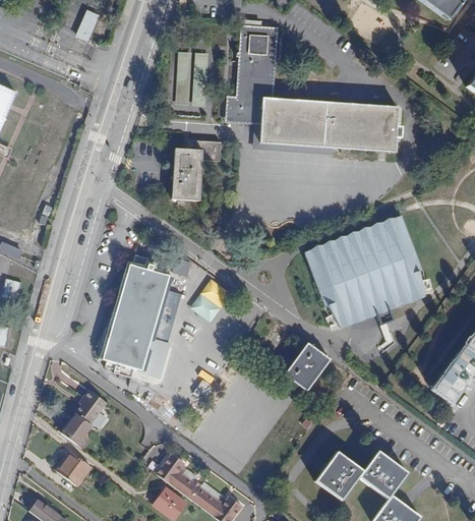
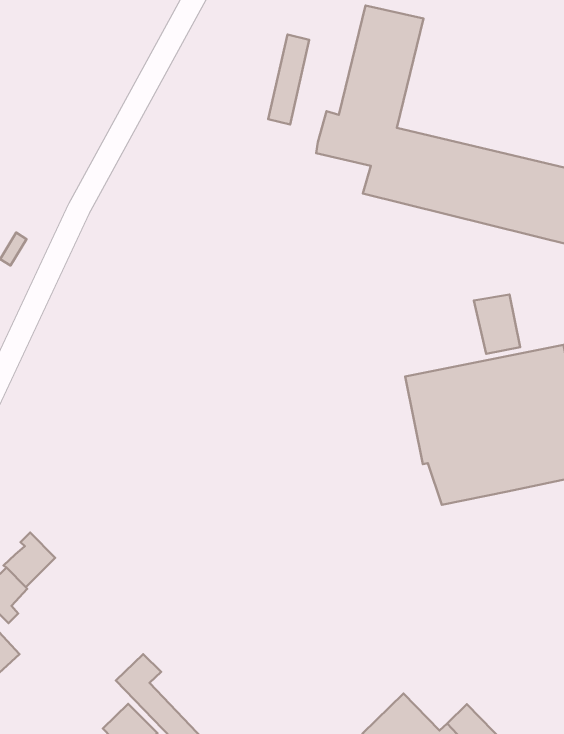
building: [175,50,192,106] -> none
building: [171,139,221,200] -> none
building: none -> [474,294,520,354]
building: [102,256,181,373] -> none
building: [284,342,330,391] -> none

